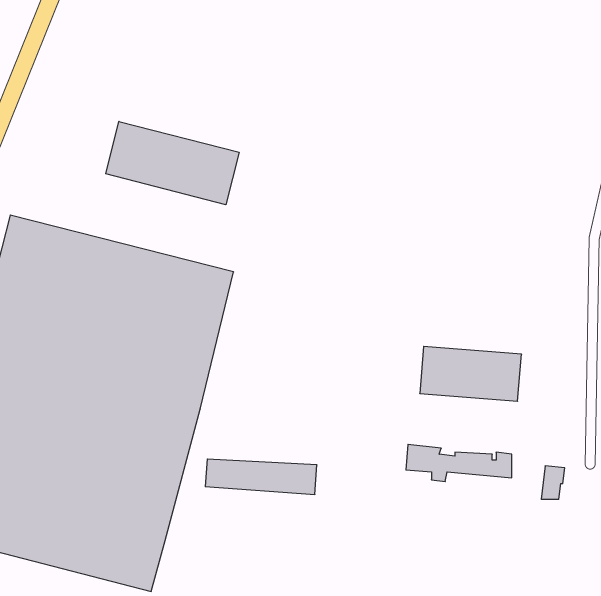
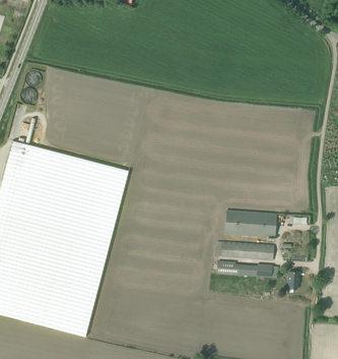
building: [106,121,239,205] -> none
building: [205,459,317,494] -> [216,241,274,259]

